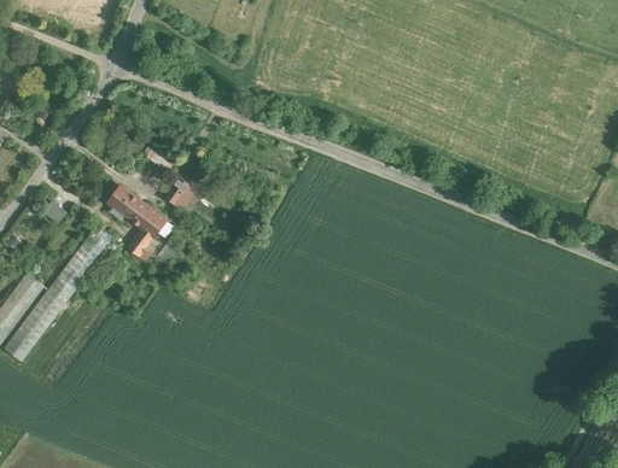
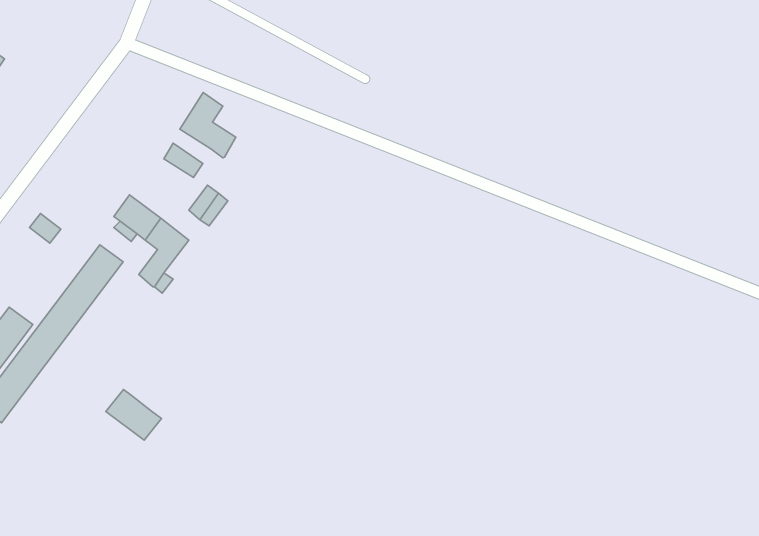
building: none -> [180,93,236,158]
building: none -> [106,390,162,440]

